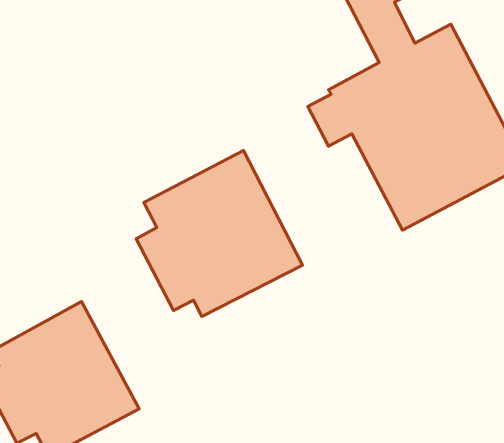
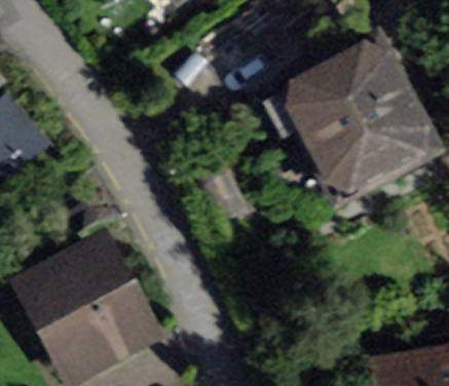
building: [136,150,303,317] -> none

